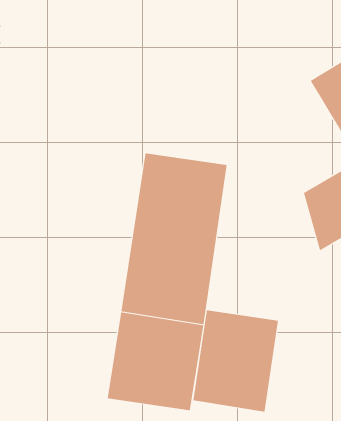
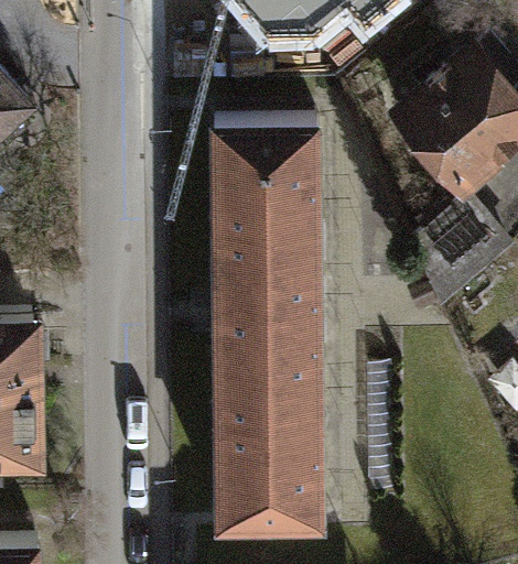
building: none -> [218,118,319,223]
building: [193,310,279,412] -> none

